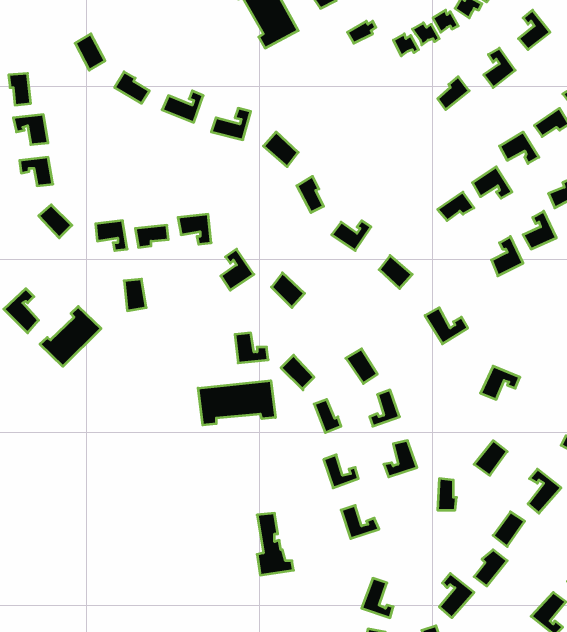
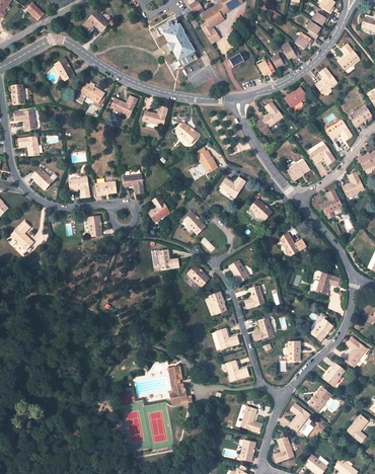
building: none -> [255,100,283,133]
building: [40,306,101,366] -> none
building: [198,381,275,425] -> none

